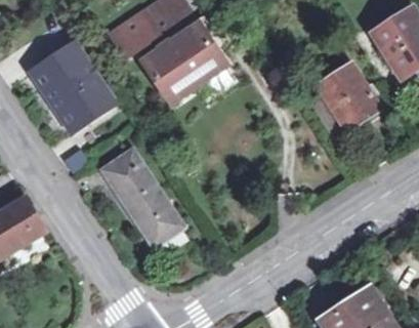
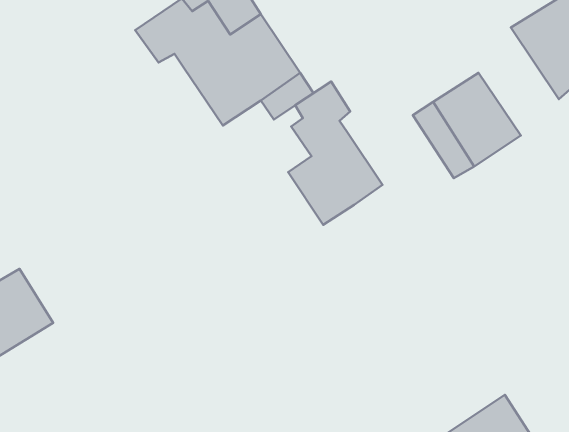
building: [32,43,113,127] -> none
building: none -> [288,81,382,225]
building: [102,148,182,246] -> none

